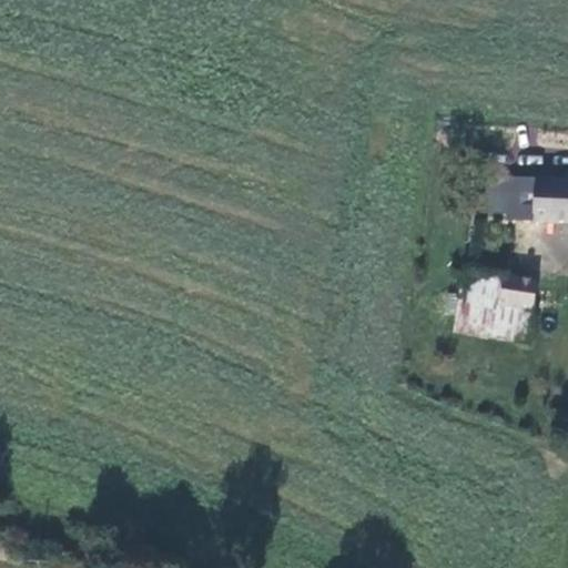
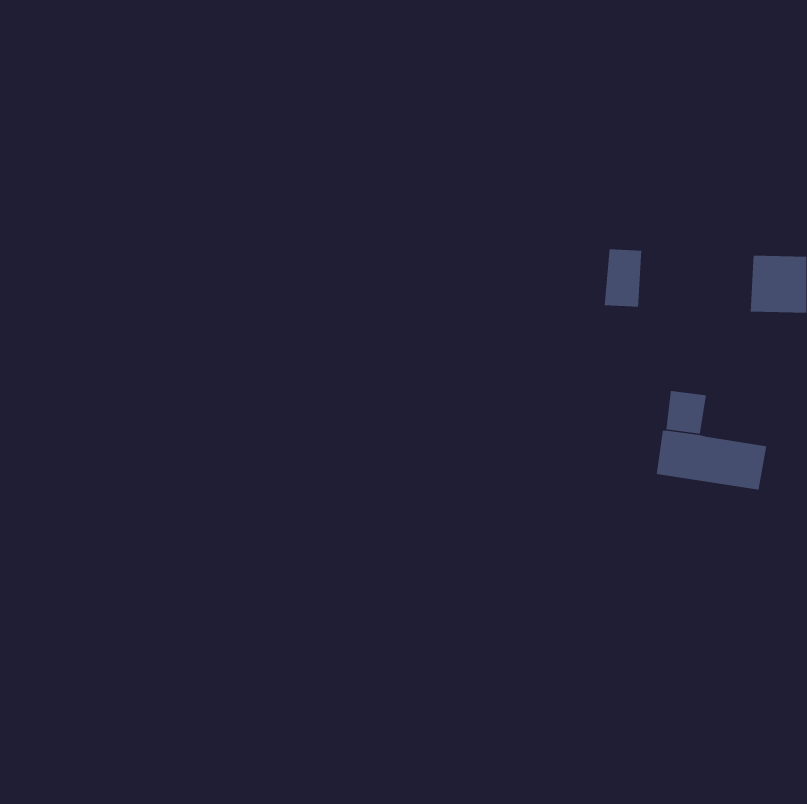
building: [498,176,525,217] -> [604,248,642,307]
building: [493,275,539,311] -> none

